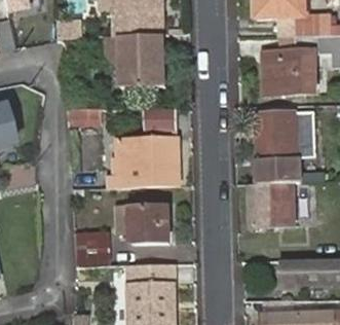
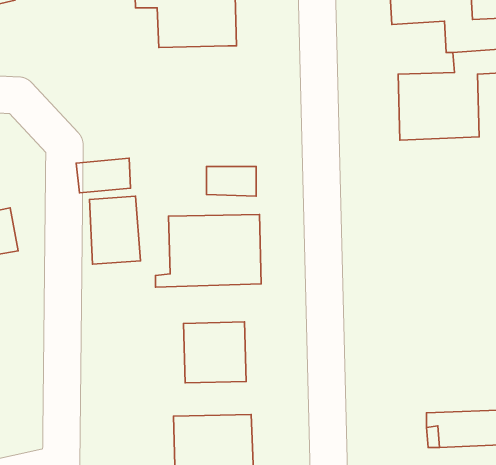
building: [102,34,160,87] -> none
building: [257,112,302,181] -> none
building: [253,186,298,226] -> none
building: [76,231,110,262] -> none

